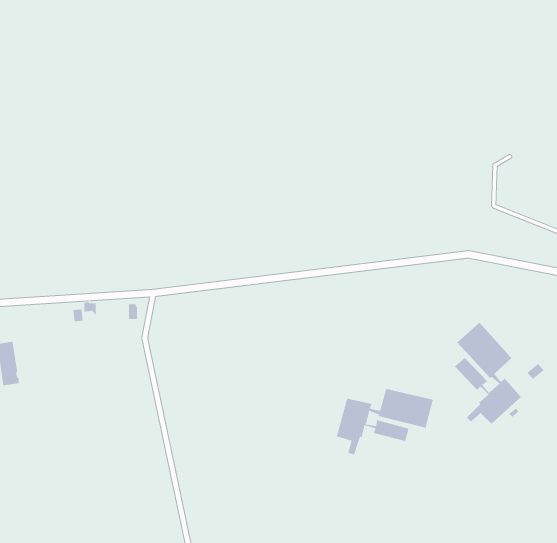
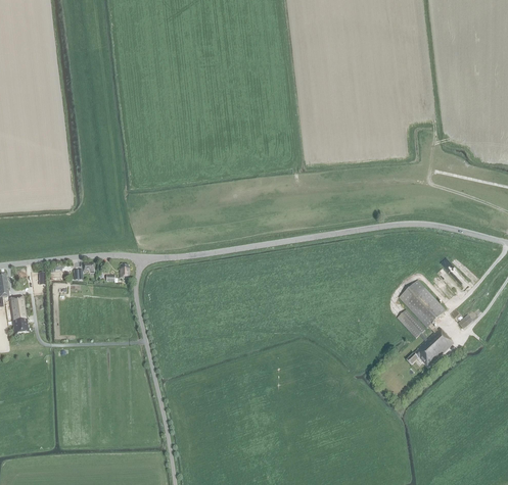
building: [336,388,434,455] -> none

